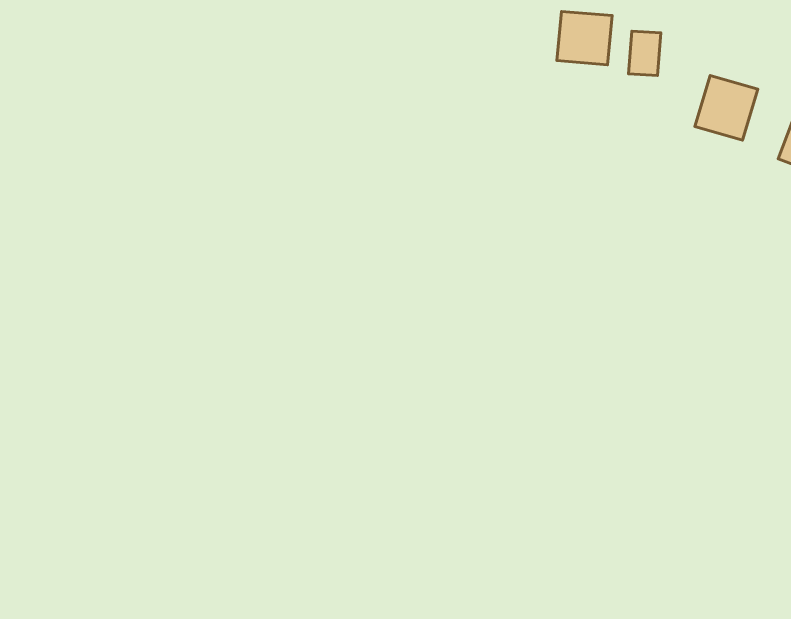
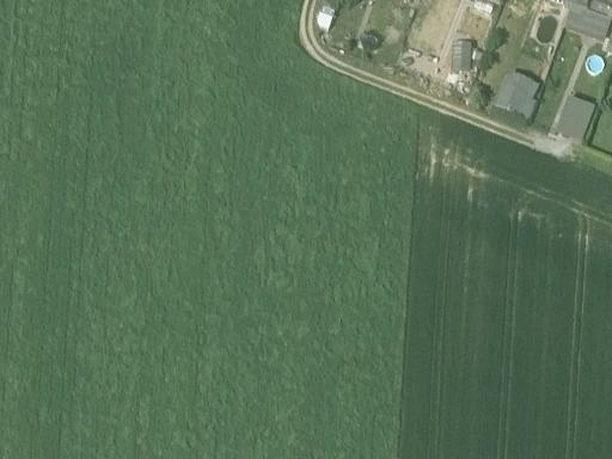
building: [557,11,612,65] -> none

